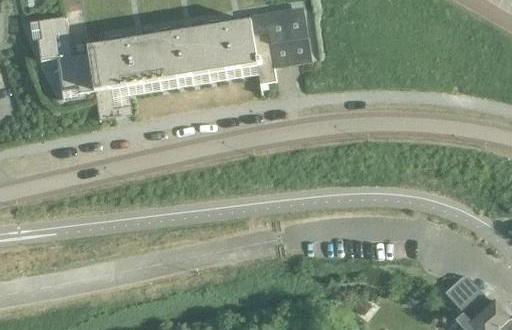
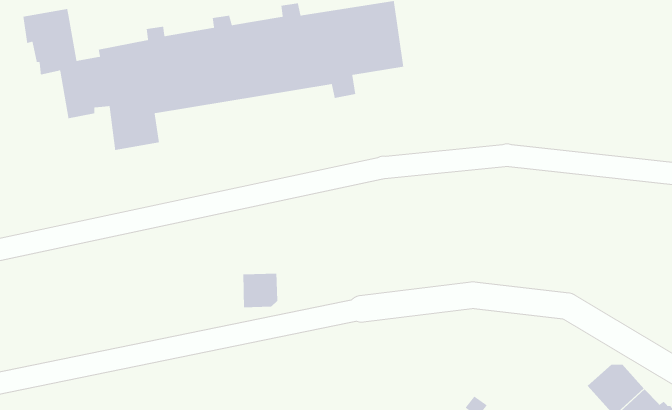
building: none -> [242,273,278,308]

